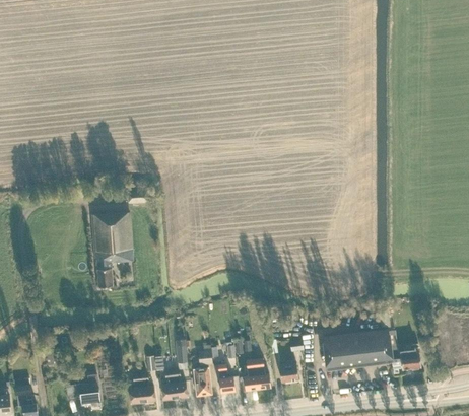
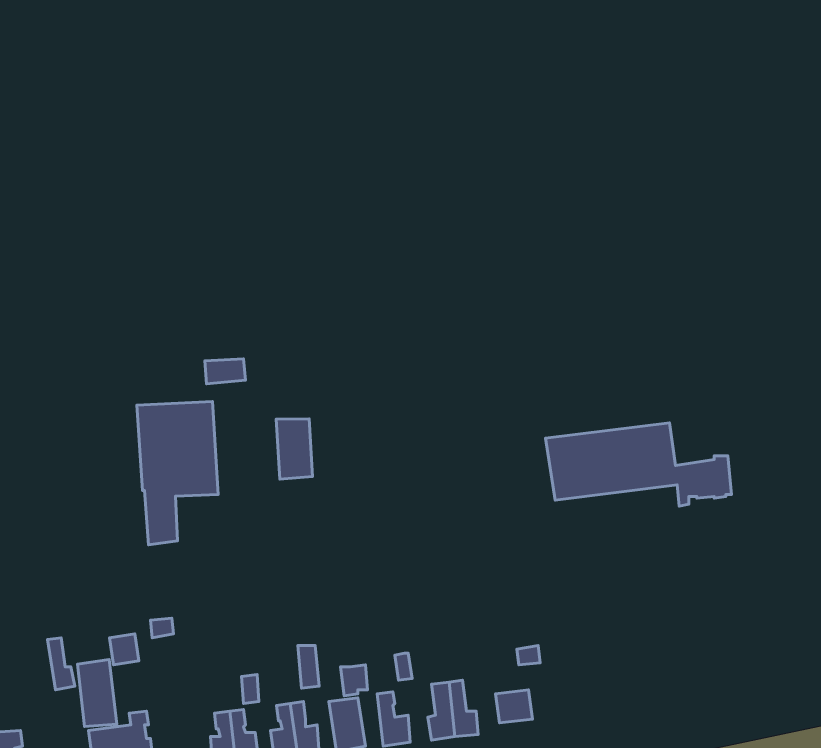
building: none -> [276,419,312,479]
building: [323,330,420,373] -> [545,423,732,506]
building: none -> [78,660,117,726]

